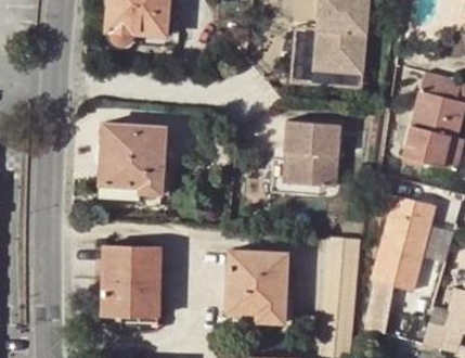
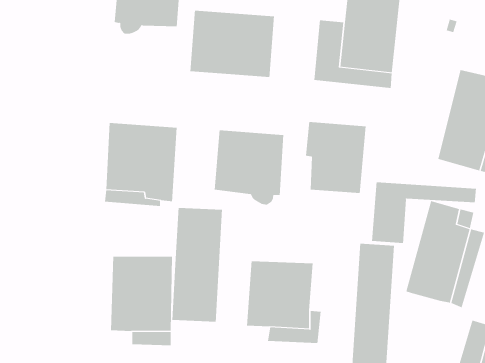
building: none -> [190,10,274,78]
building: none -> [214,129,284,205]
building: none -> [372,182,477,244]
building: none -> [172,207,222,323]
building: [361,279,403,335] -> none

